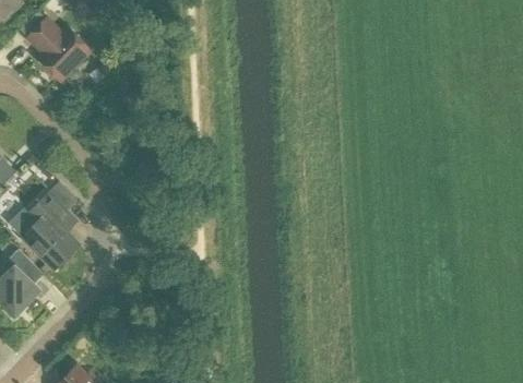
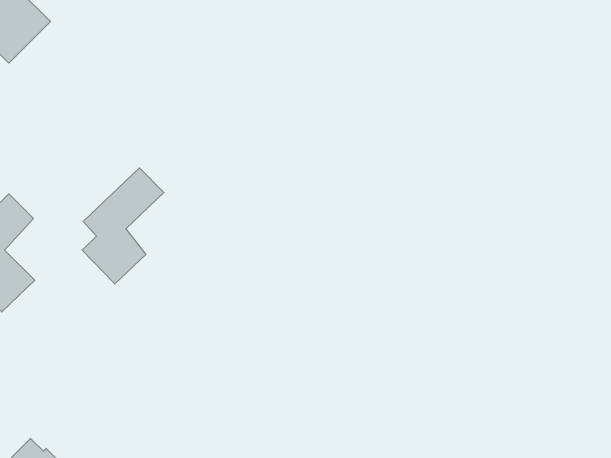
building: none -> [82,168,164,284]

